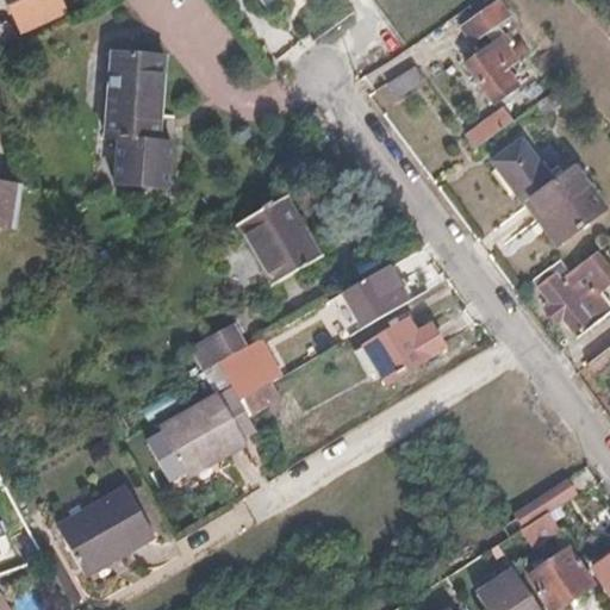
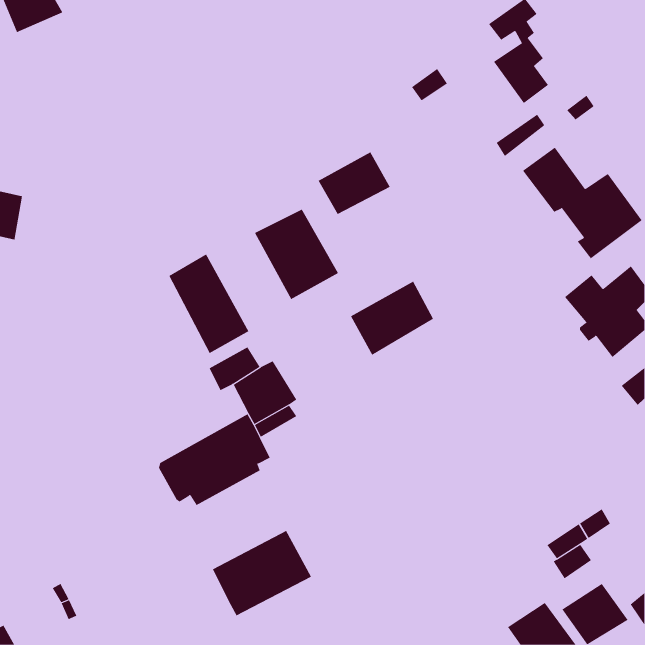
building: [107,54,172,188] -> none
building: none -> [318,152,391,215]
building: none -> [169,253,249,354]
building: [366,318,443,381] -> none
building: [61,487,155,568] -> [212,530,312,616]

